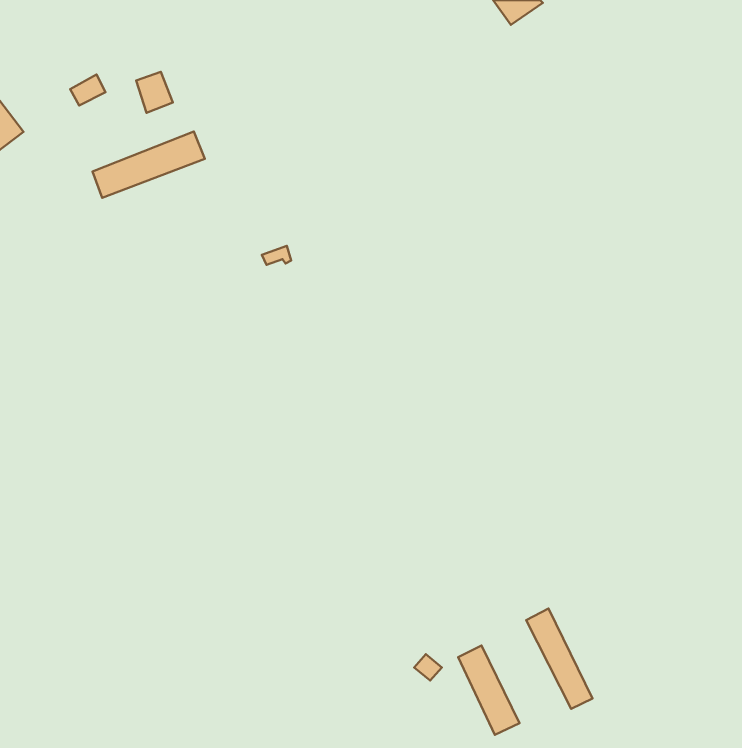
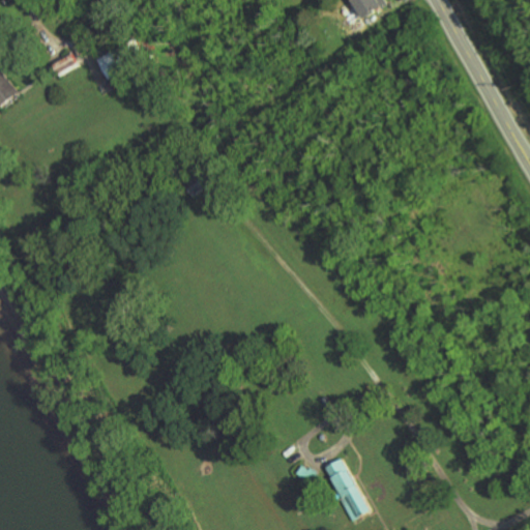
building: [92,131,205,198] -> none
building: [526,609,593,709] -> none

